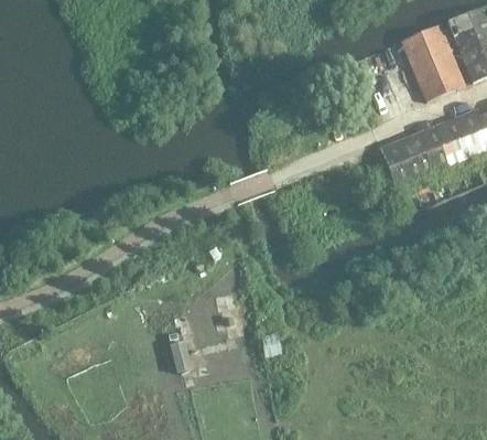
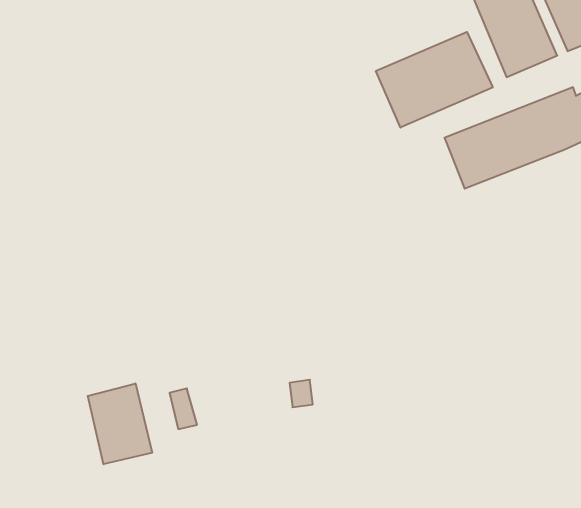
building: none -> [376,32,493,128]
building: none -> [88,383,152,464]

